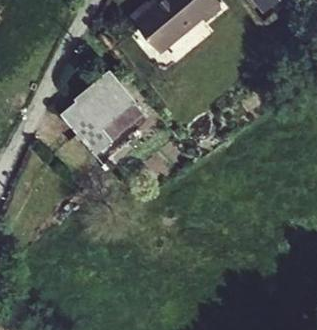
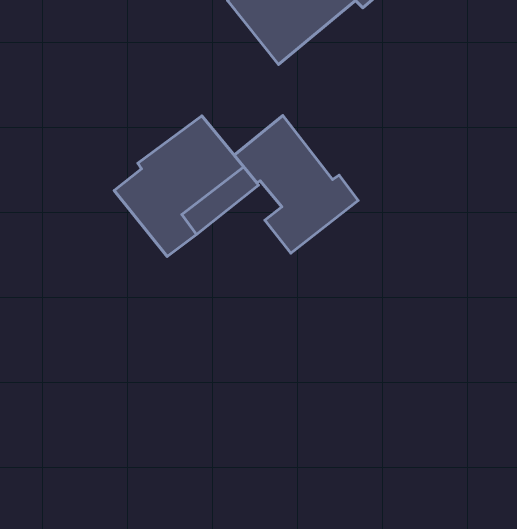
building: none -> [234,116,358,253]

